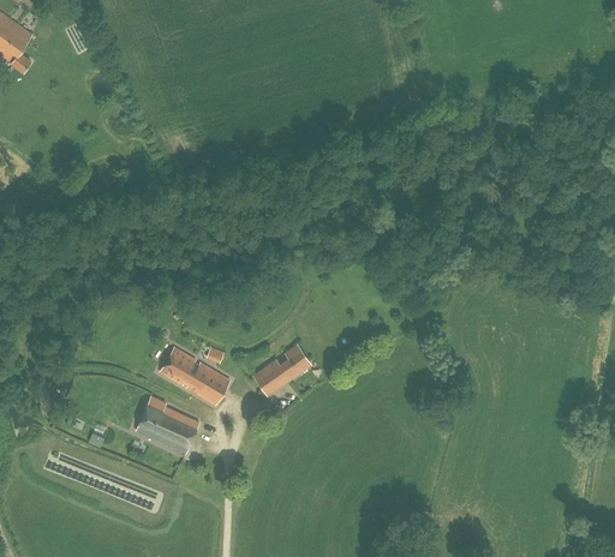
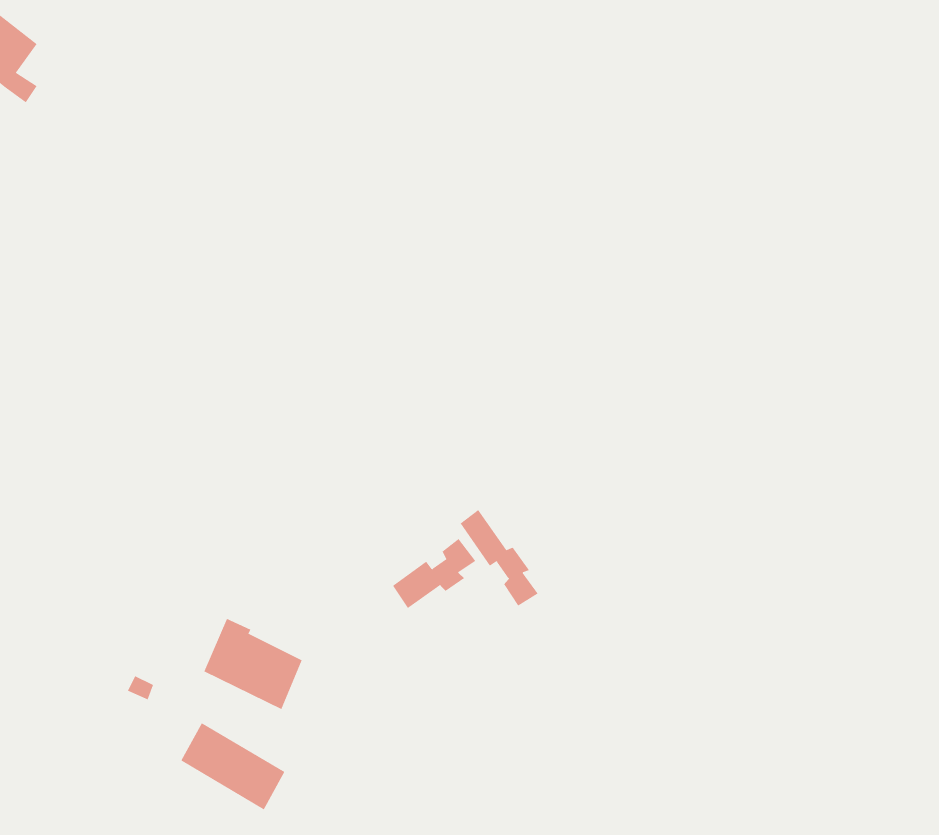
building: none -> [460,509,538,607]
building: [162,348,228,403] -> [180,722,285,810]

